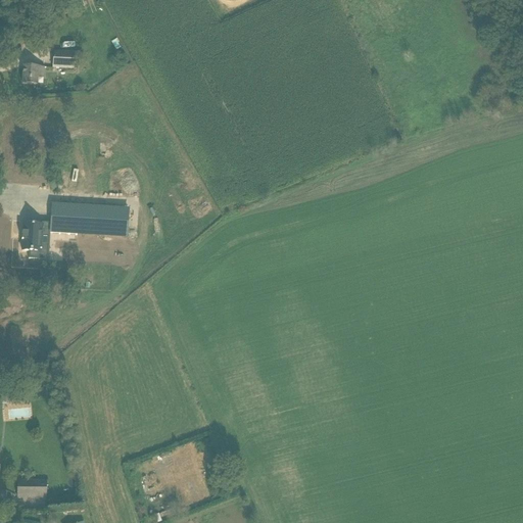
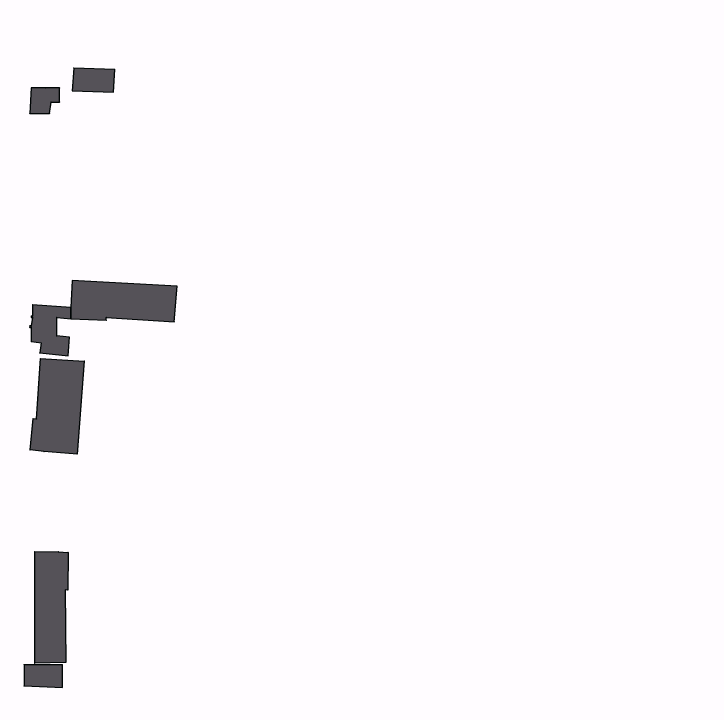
building: none -> [30,359,84,454]
building: none -> [35,552,68,663]

